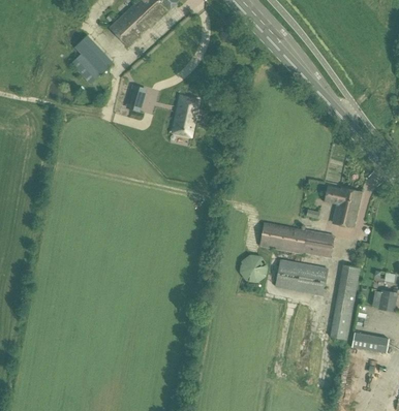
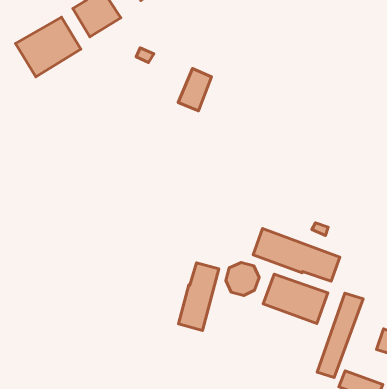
building: none -> [16,17,81,77]
building: [325,186,361,227] -> none
building: none -> [178,263,219,331]

